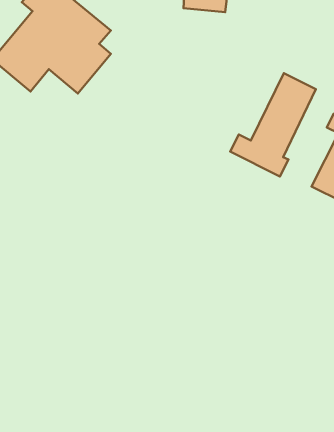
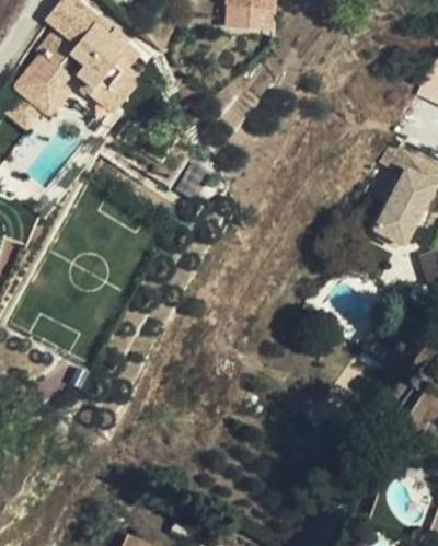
building: [230,73,316,176] -> none

